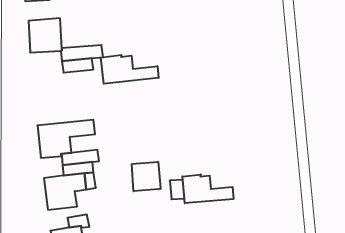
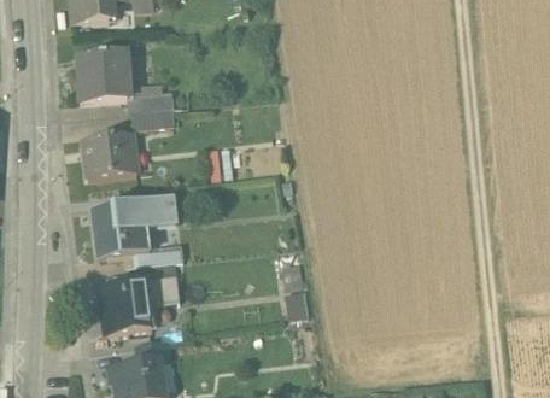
building: [101,55,159,84] -> none
building: none -> [83,130,135,174]
building: [132,162,161,191] -> none
building: [182,174,233,203] -> none

